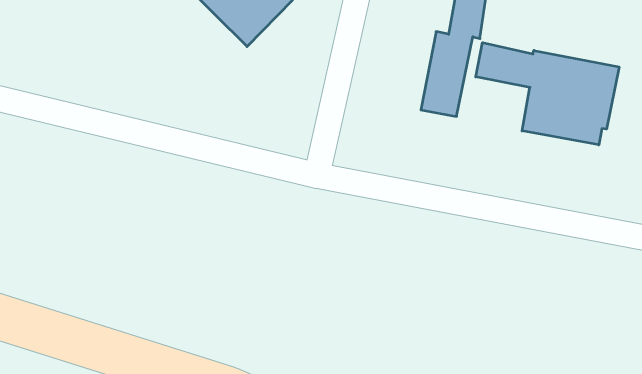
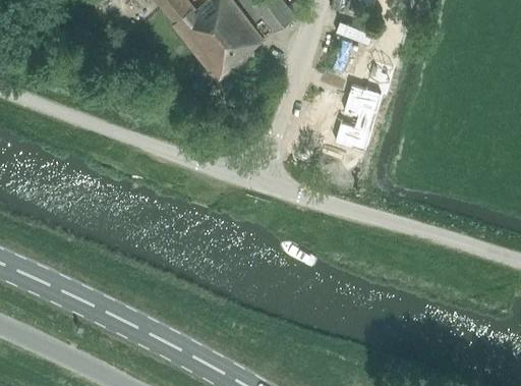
building: [476,43,619,145] -> none

